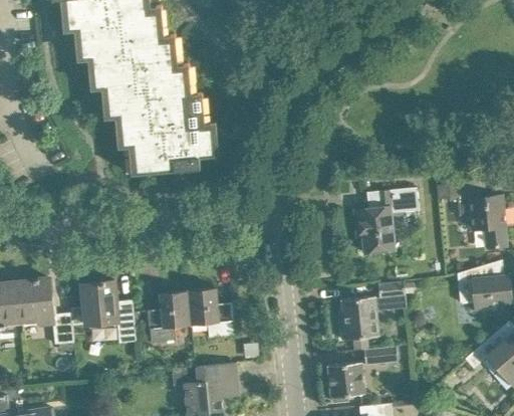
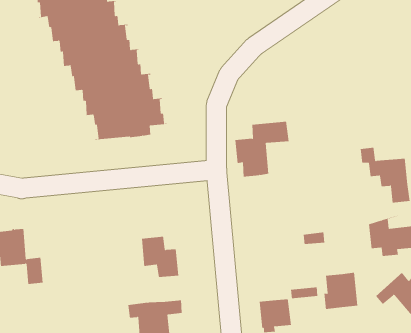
building: [352,188,418,254] -> [234,121,289,177]
building: [80,281,135,346] -> none
building: [147,291,190,343] -> none
building: [338,296,379,341] -> [324,272,358,309]

